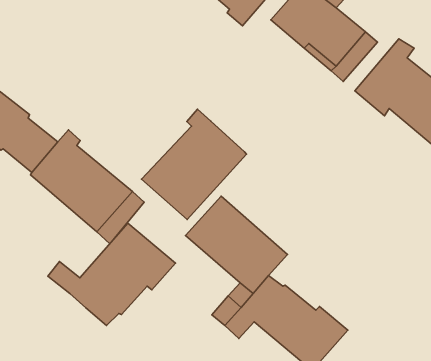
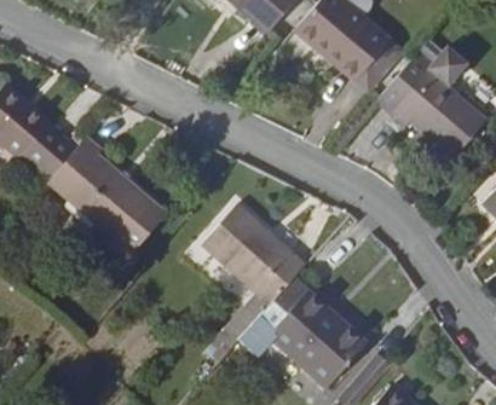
building: [141,109,246,219] -> none
building: [48,223,175,325] -> none

